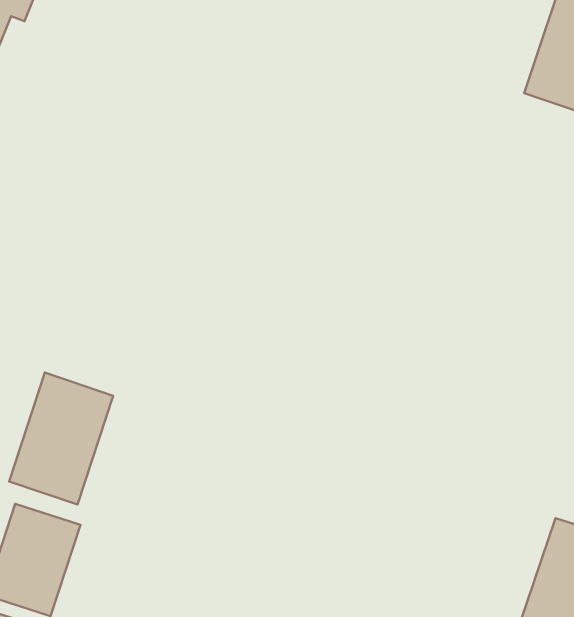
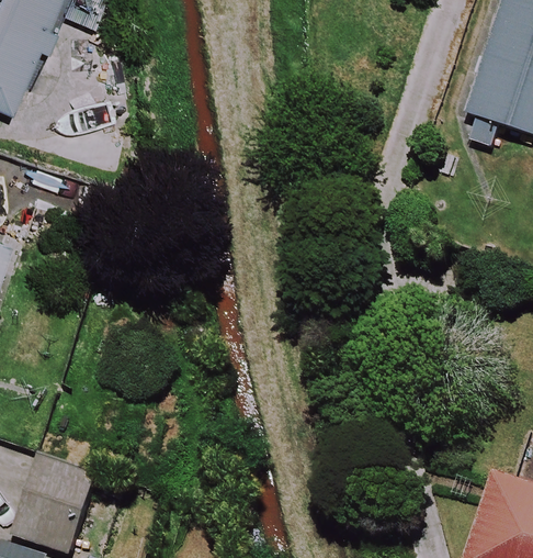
building: [9,373,113,505] -> none

